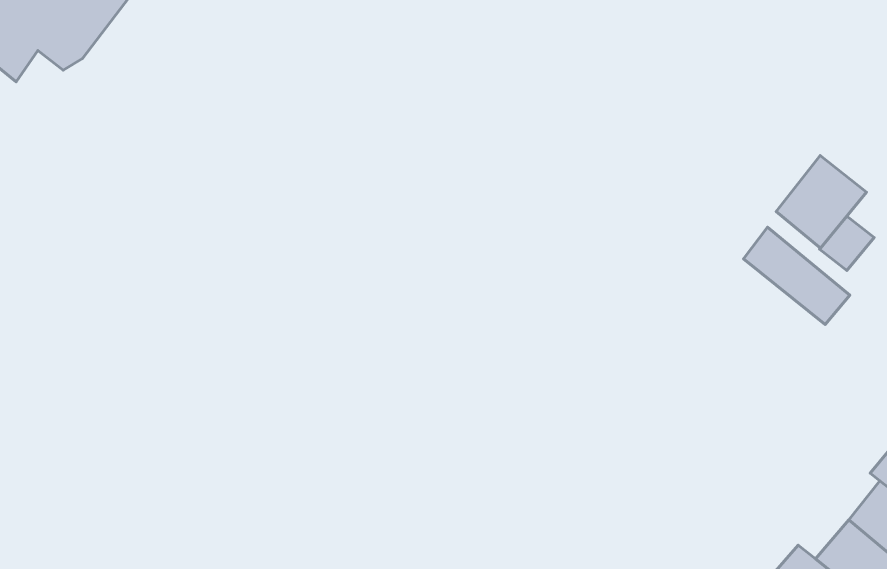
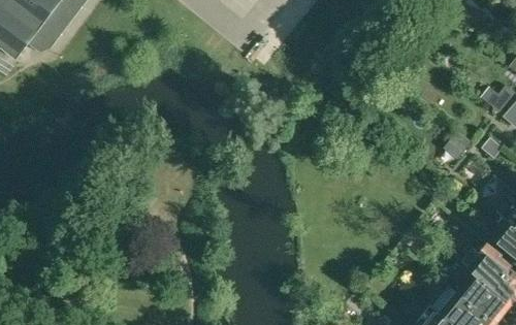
building: [776,155,867,248] -> none
building: [743,227,850,325] -> none

